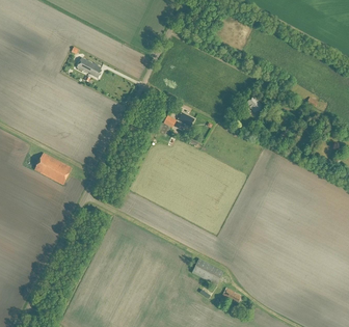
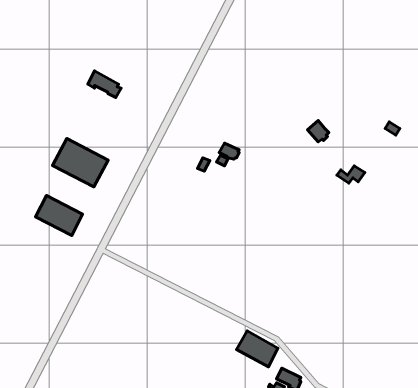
building: none -> [53,139,108,187]

